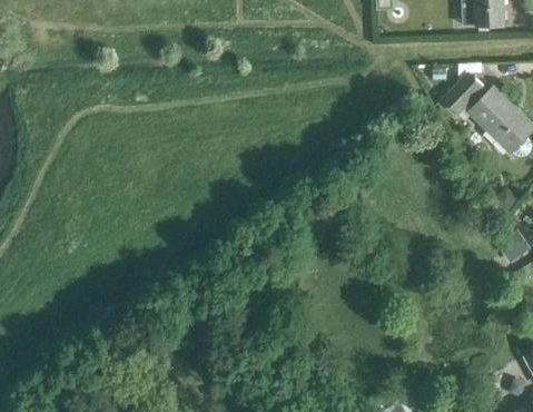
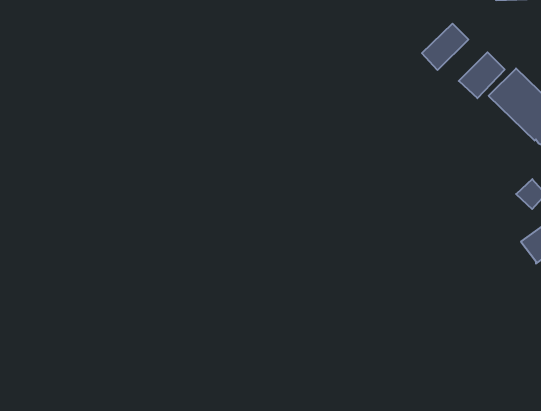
building: none -> [422,24,468,70]

